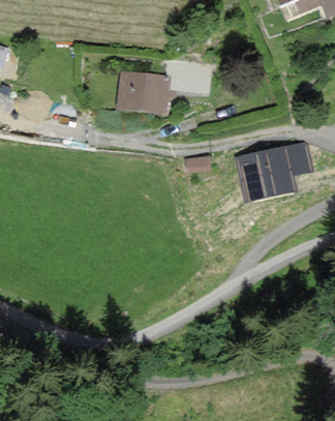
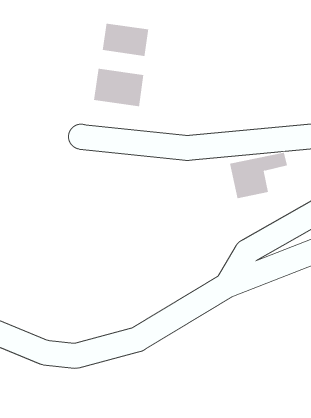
building: none -> [102,23,149,57]

